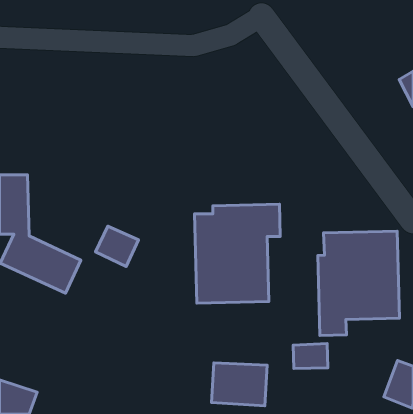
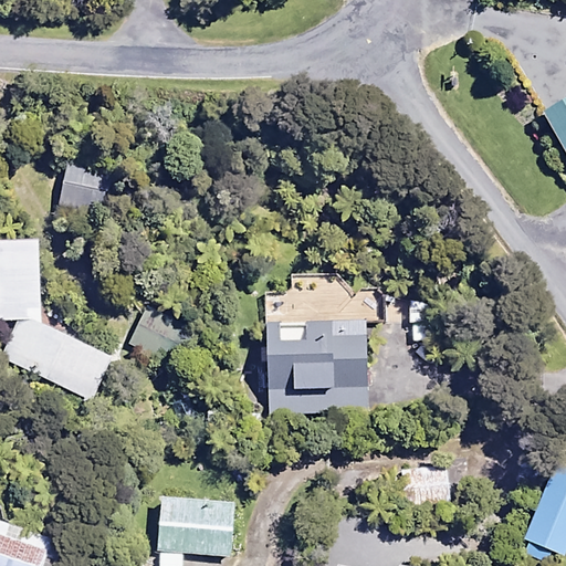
building: none -> [60,163,111,217]
building: [318,231,399,336] -> none
building: [211,363,267,406] -> [157,496,233,555]

